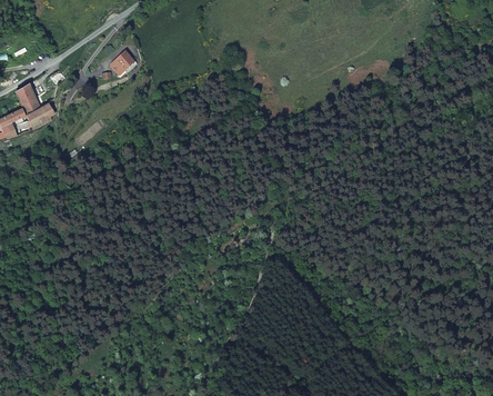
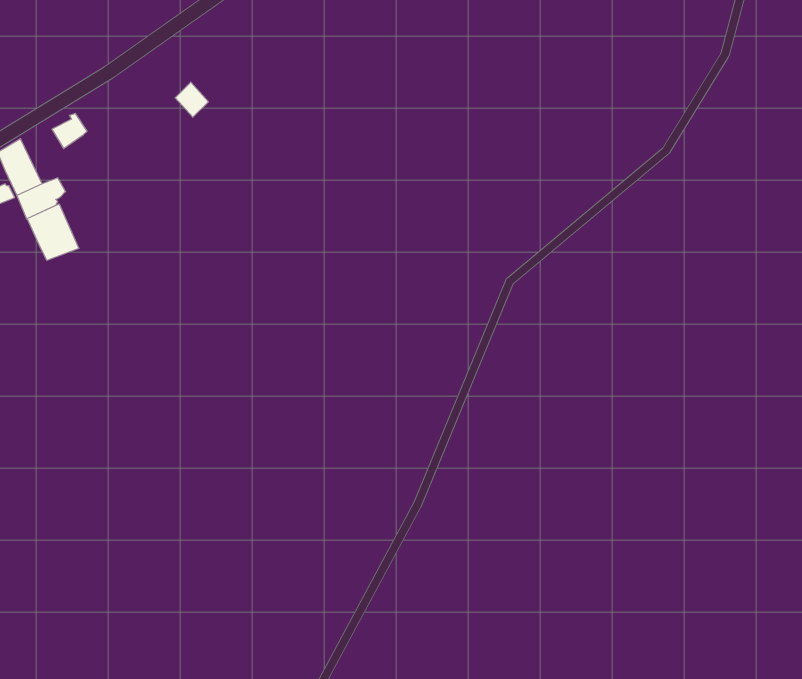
building: none -> [27,204,79,260]

